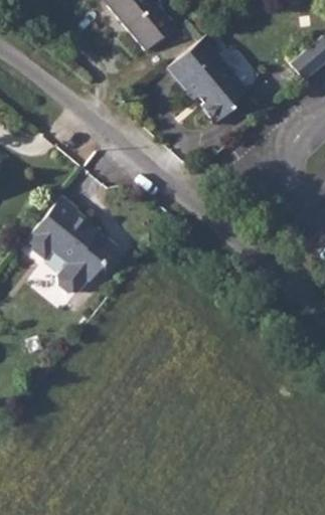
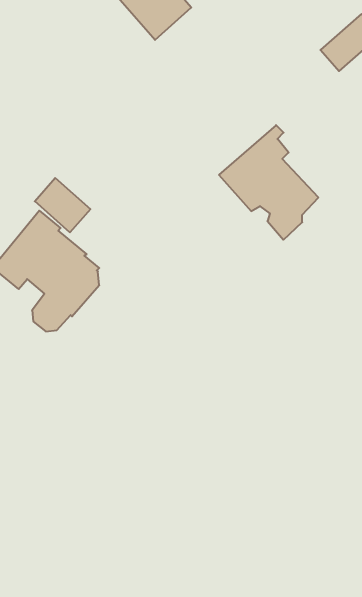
building: [177,32,258,125] -> [219,125,318,240]
building: none -> [35,178,90,232]

